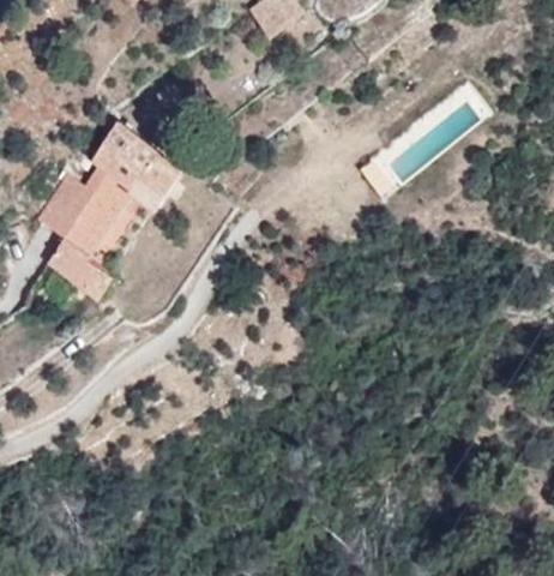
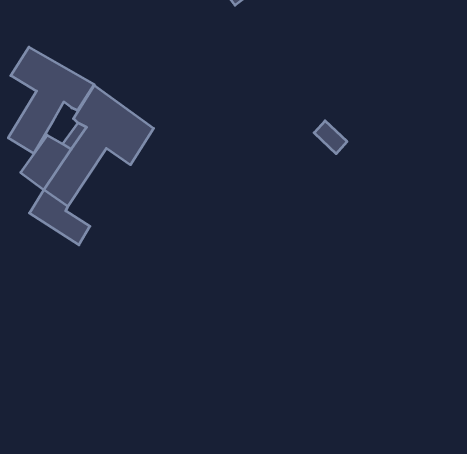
building: none -> [8,47,94,154]

